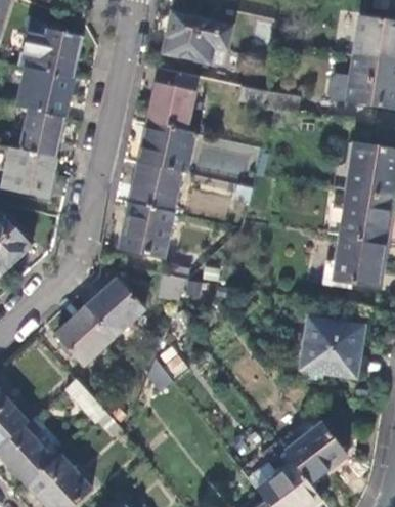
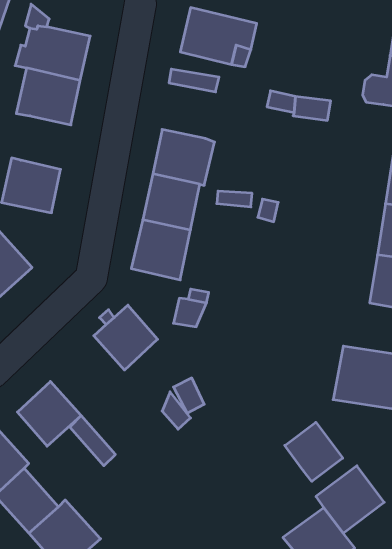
building: [147,83,194,130] -> none
building: [20,110,65,158] -> none
building: [56,307,114,366] -> [17,381,81,446]
building: none -> [285,422,343,481]

